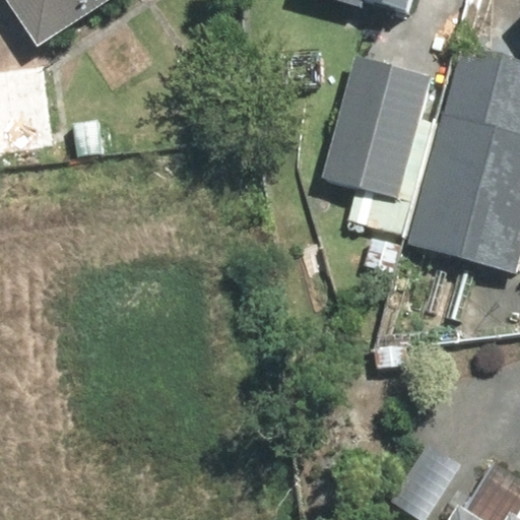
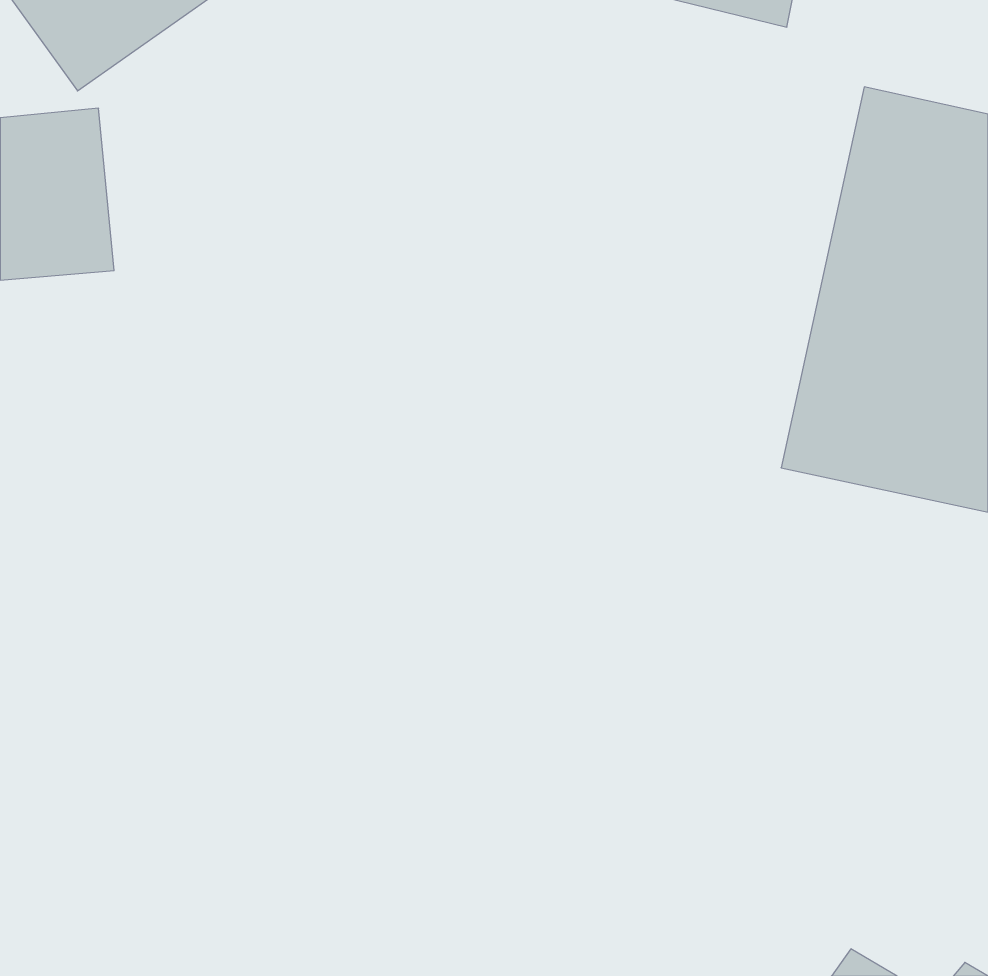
building: [322,57,441,231] -> none

